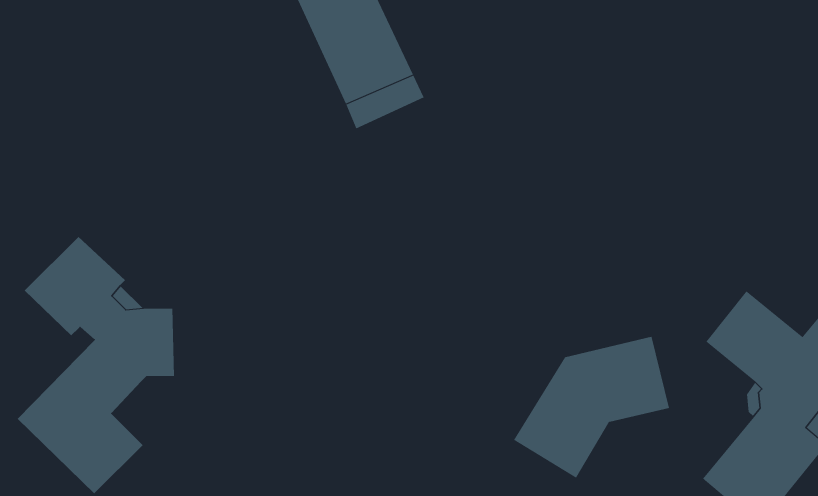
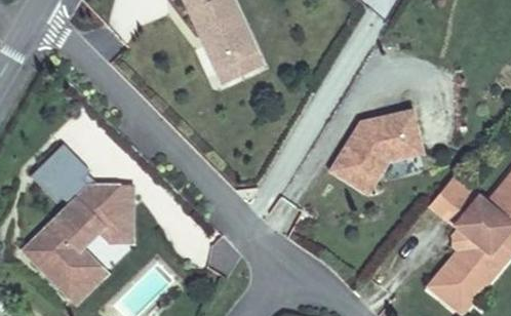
building: none -> [100,187,133,241]
building: [513,336,670,478] -> [330,111,422,194]

